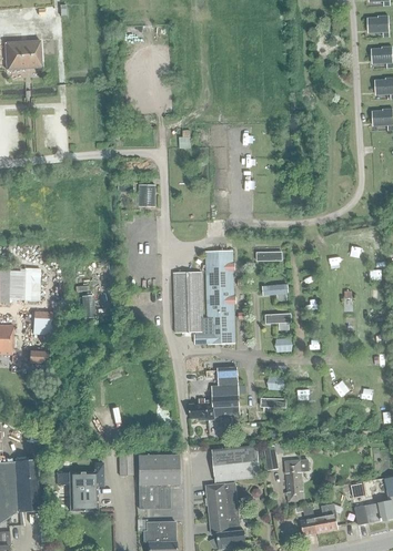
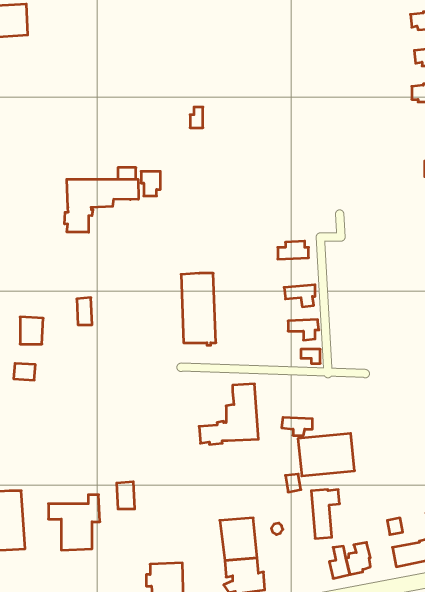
building: none -> [65,179,138,232]
building: [192,251,234,345] -> none
building: [23,269,40,300] -> none
building: [211,446,260,482] -> [298,433,355,476]
building: [138,455,178,509] -> none

